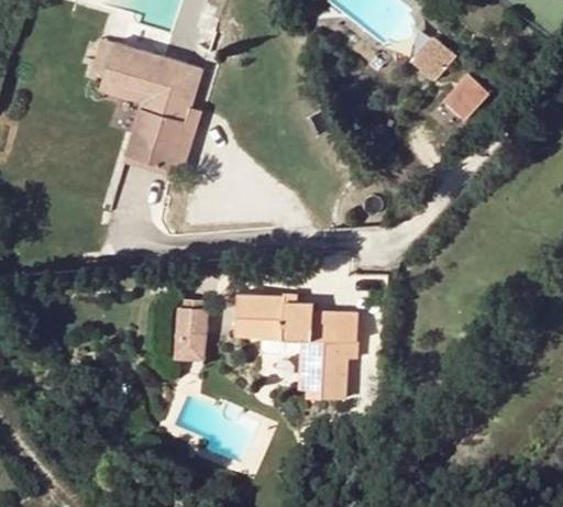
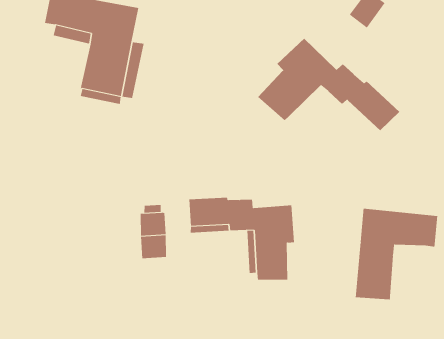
building: none -> [257,38,400,131]
building: none -> [355,208,438,301]

